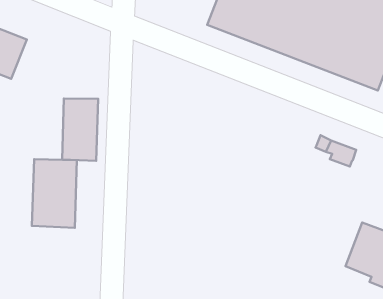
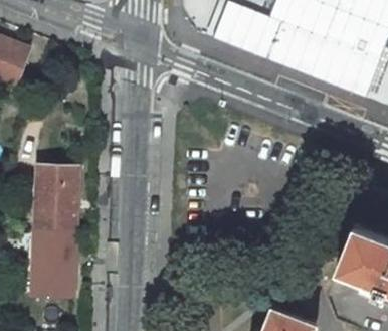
building: [62,98,98,161] -> none
building: none -> [33,229,76,296]

